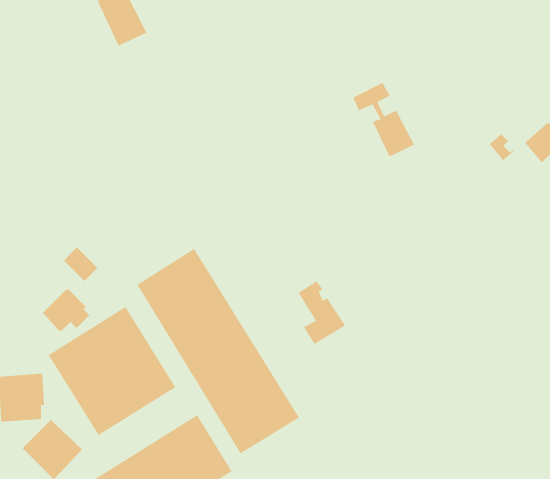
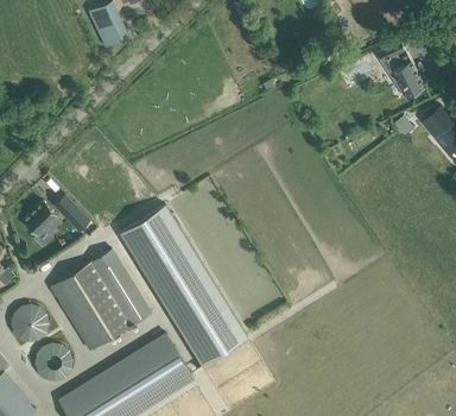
building: [352,82,415,157] -> [378,39,426,97]
building: [298,280,346,345] -> none
building: [41,288,90,332] -> [23,201,61,235]

